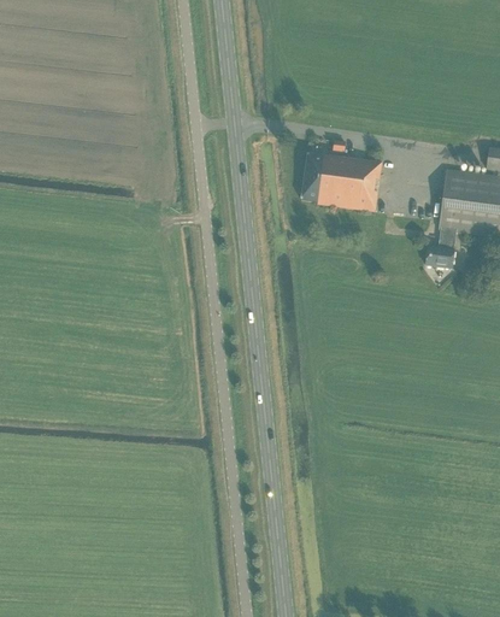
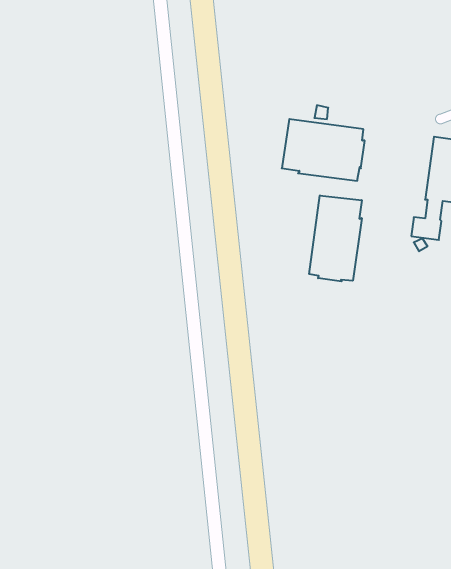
building: none -> [309,195,362,281]

